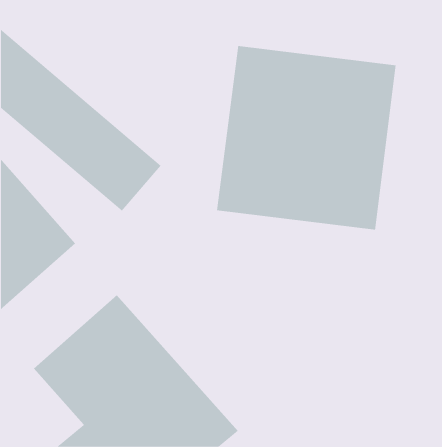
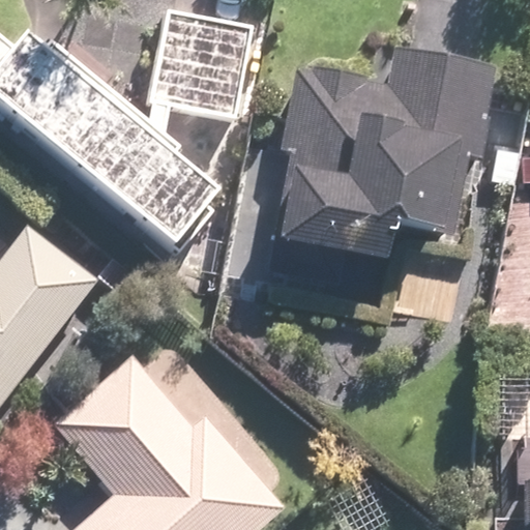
building: none -> [154,13,251,113]

